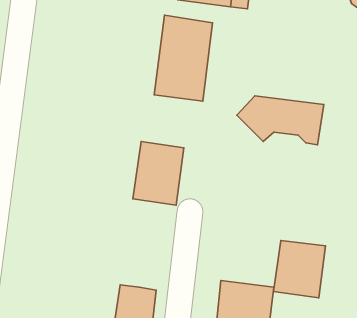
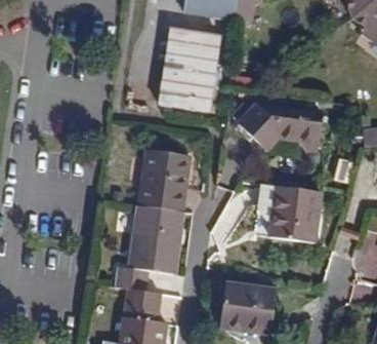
building: none -> [114,204,181,290]
building: [273,240,325,298] -> [269,185,320,240]

